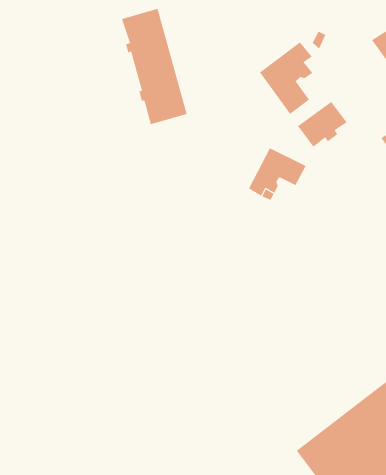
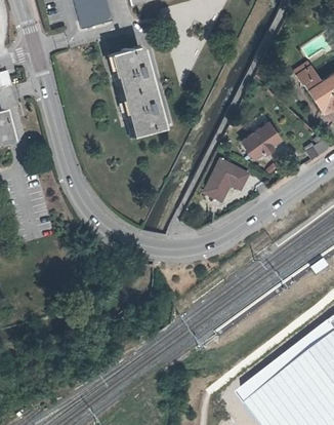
building: [259,42,313,115] -> none

